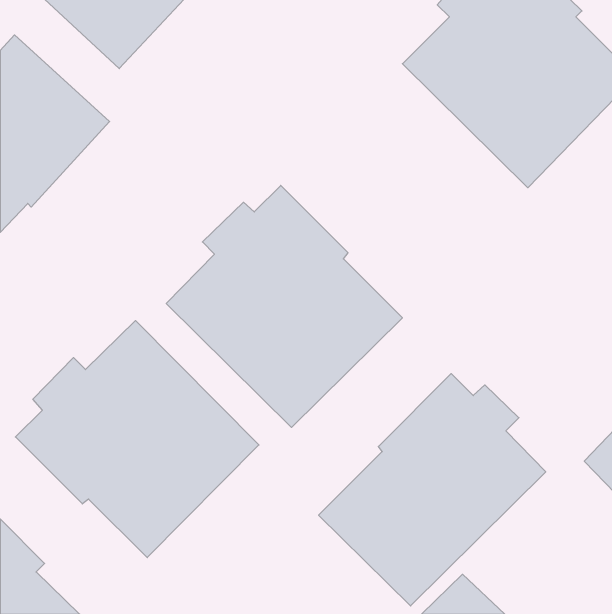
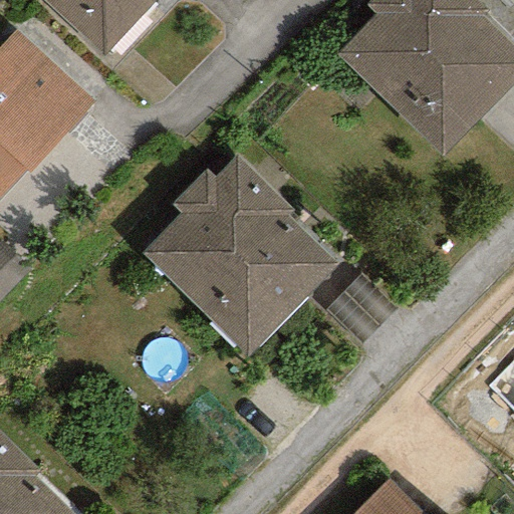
building: [15,321,259,558] -> none
building: [319,374,546,606] -> none

